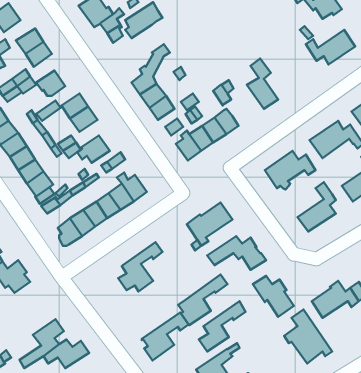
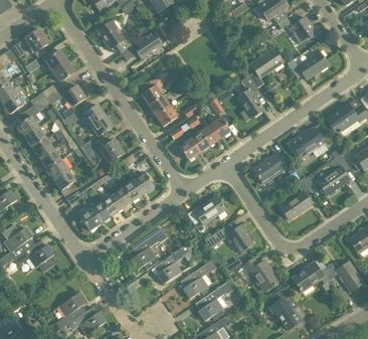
building: none -> [248,48,283,87]
building: [142,312,189,360] -> [154,243,193,284]

